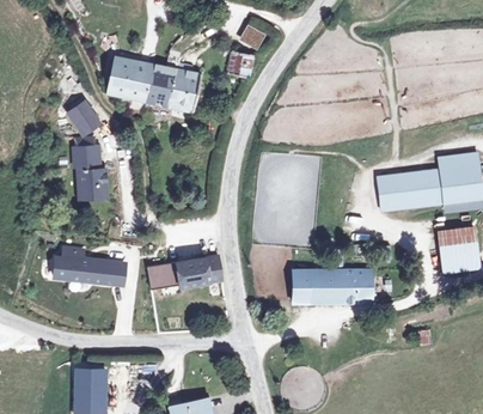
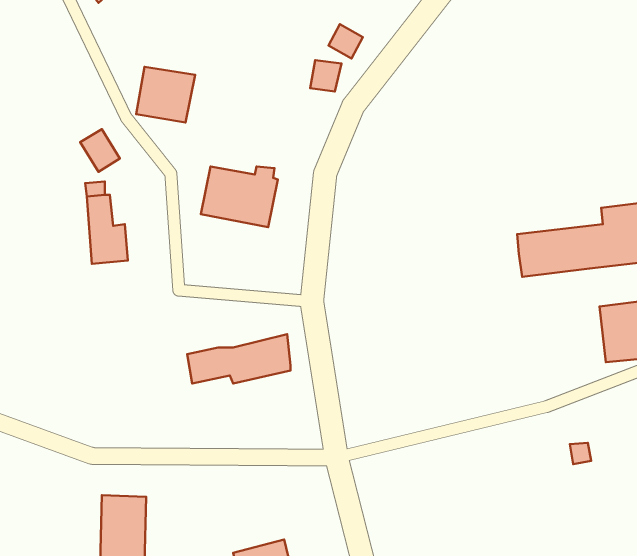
building: [140,62,196,106] -> [201,166,278,227]
building: [48,249,118,284] -> none
building: [300,273,374,302] -> none

